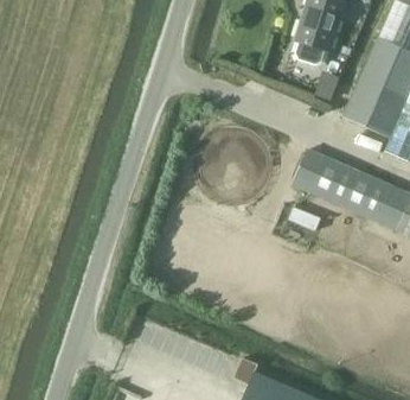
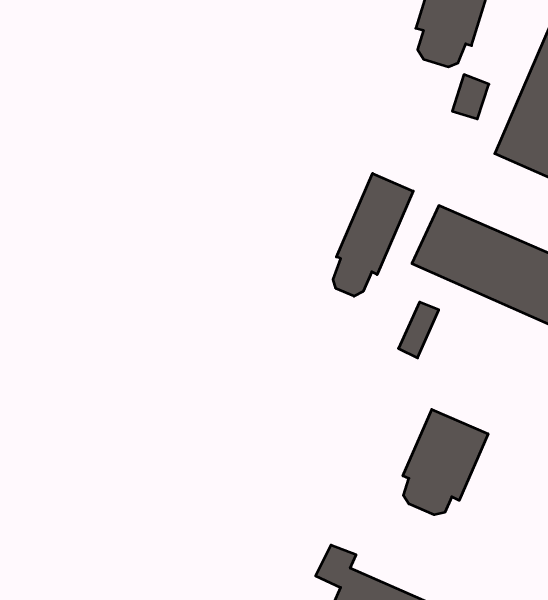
building: none -> [333,173,413,296]
building: none -> [403,409,488,515]

